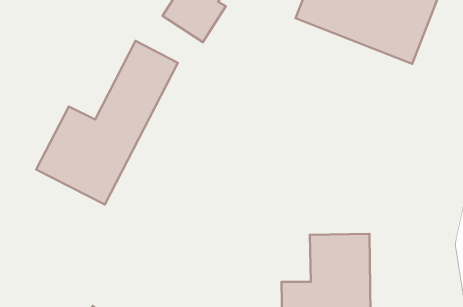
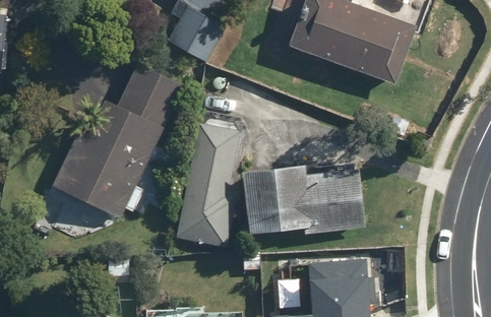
building: none -> [173,117,240,251]
building: none -> [245,169,365,238]

